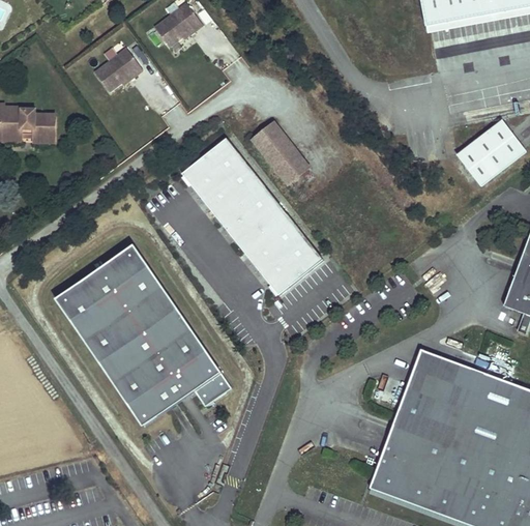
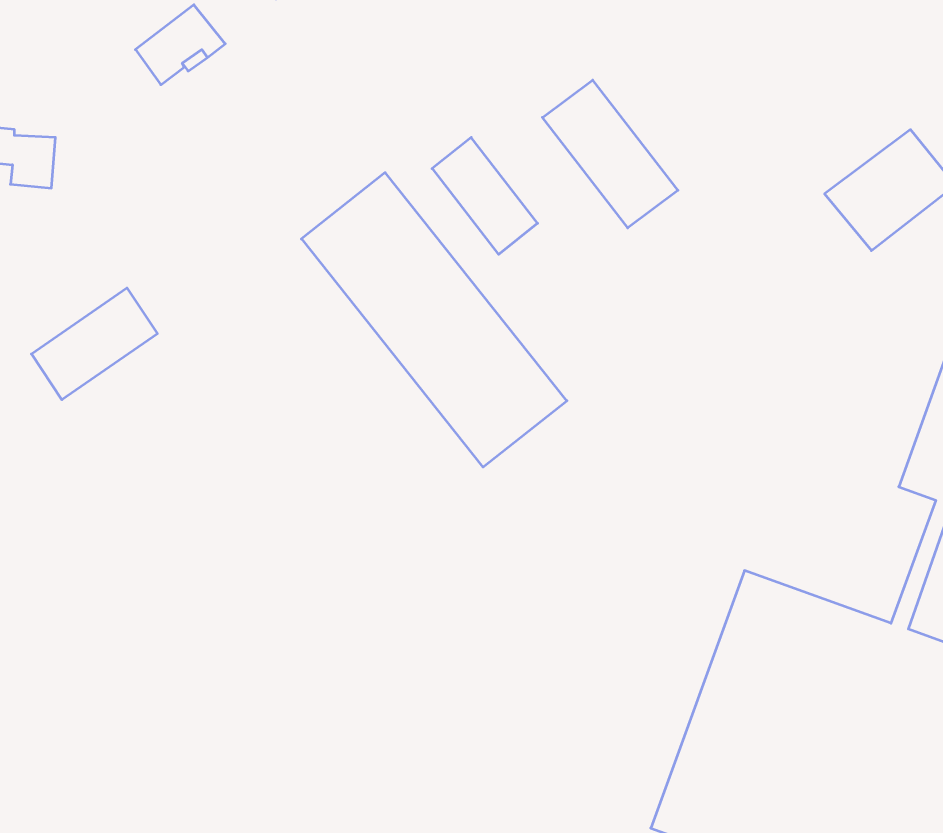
building: none -> [542,80,678,228]
building: none -> [31,288,157,400]
building: [57,251,234,432] -> none

